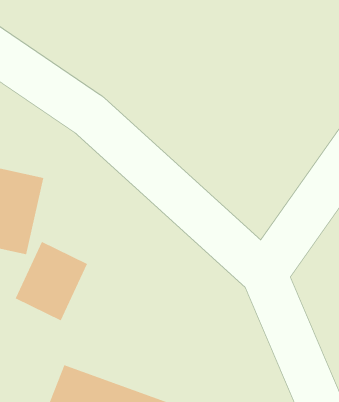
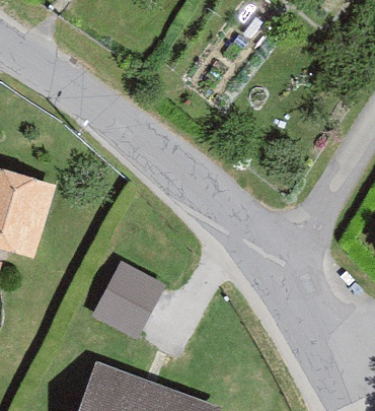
building: [15,241,88,321] -> [92,256,164,335]

